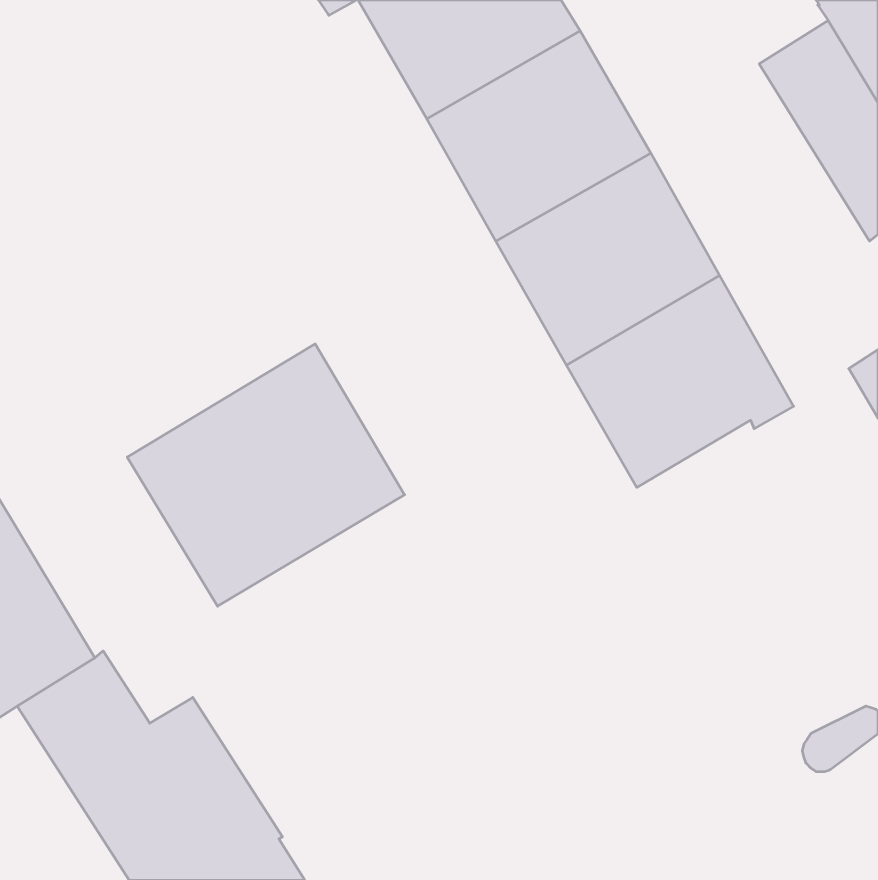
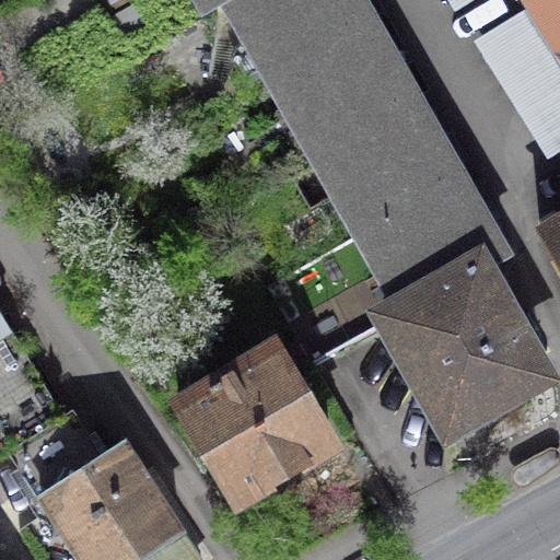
building: [127,344,405,606] -> none
building: none -> [386,267,539,429]
building: none -> [176,349,330,501]

